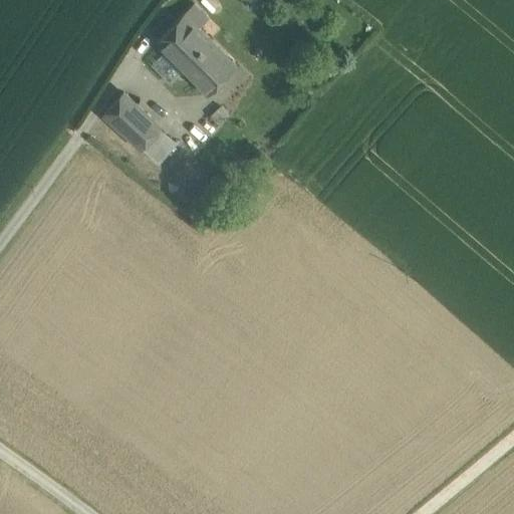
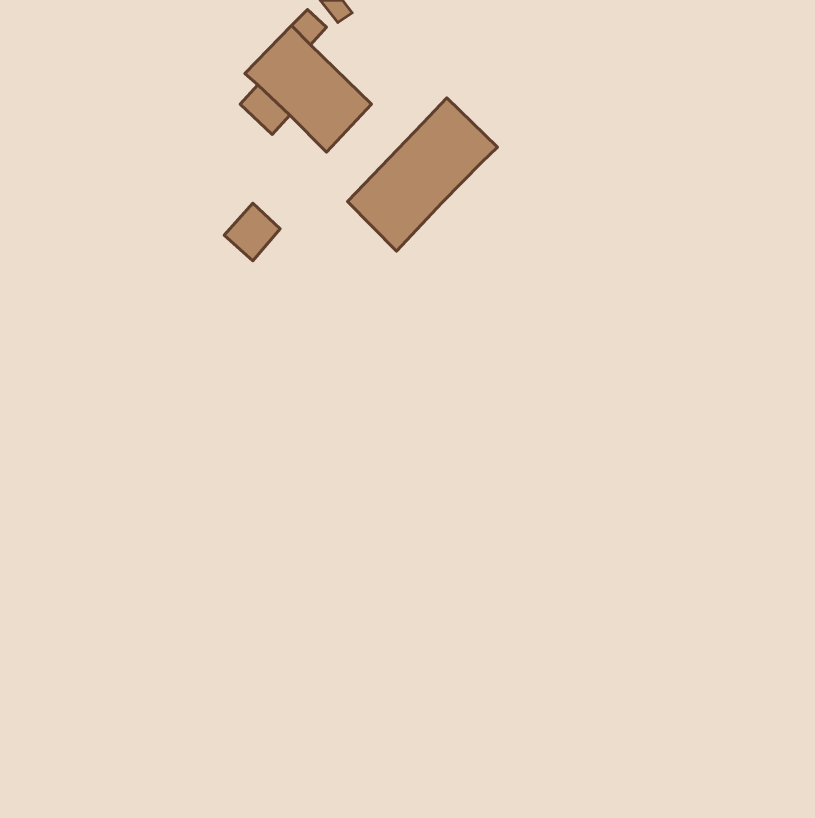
building: none -> [348,98,498,251]
building: [105,94,161,148] -> none

